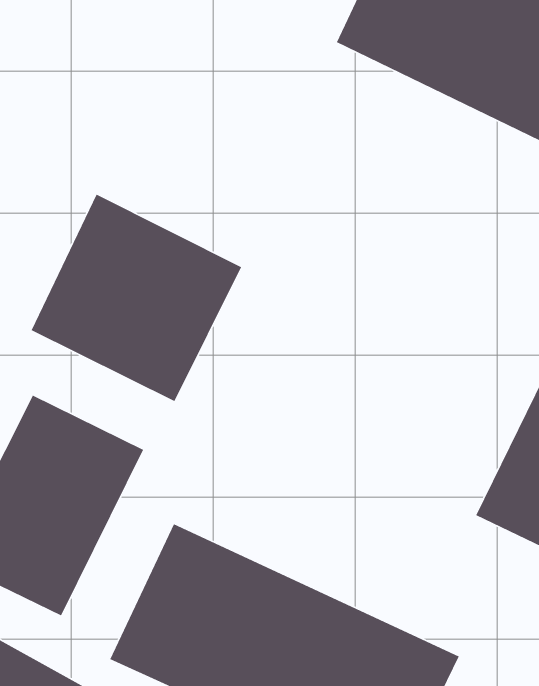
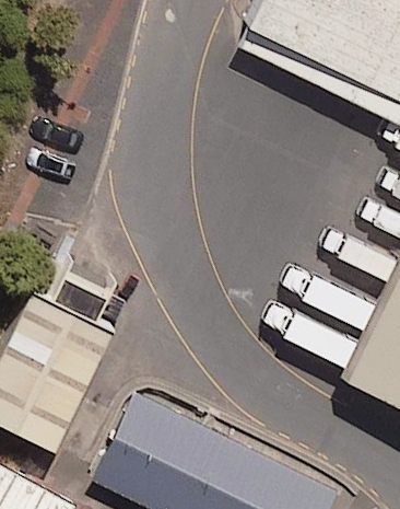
building: [30,194,242,402] -> none

